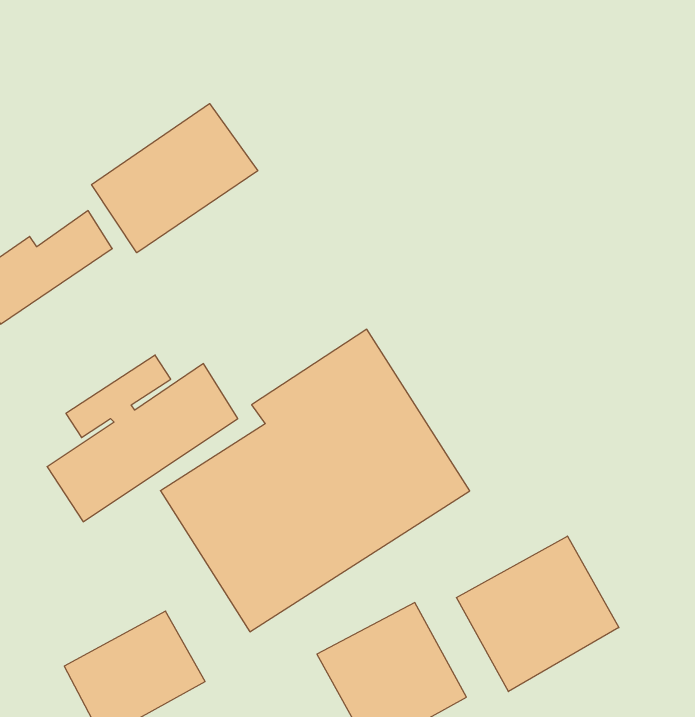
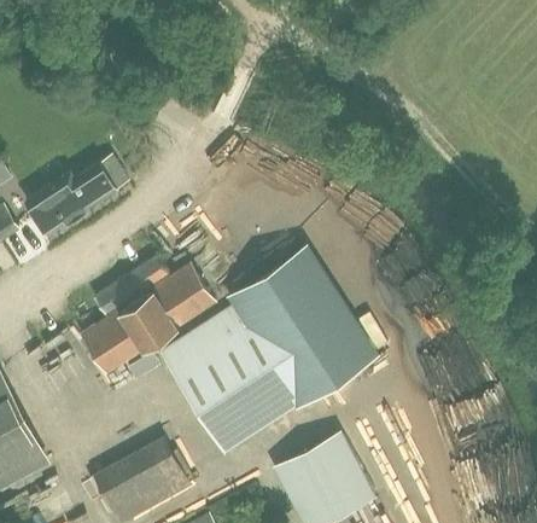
building: [92,104,258,253] -> none
building: [456,536,619,692] -> none

